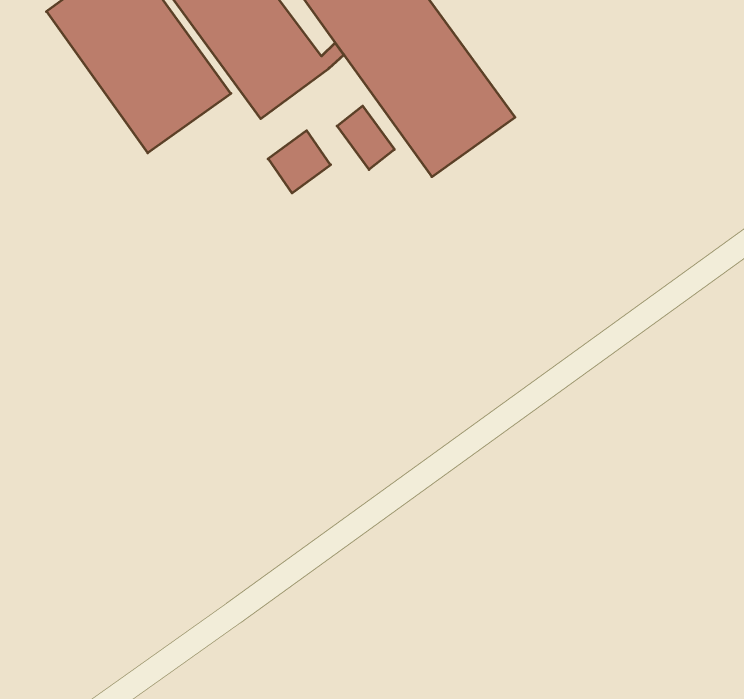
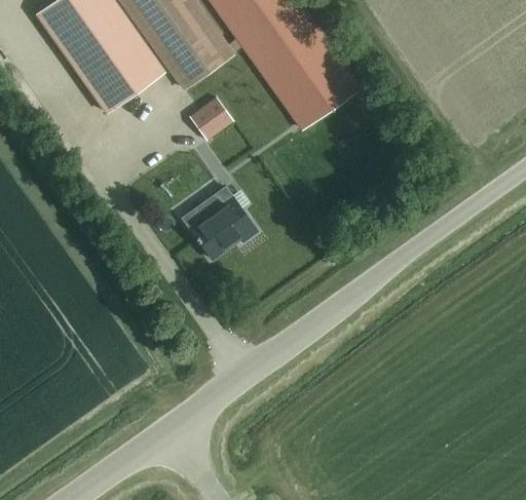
building: [337,106,394,170] -> none
building: none -> [190,195,256,259]

